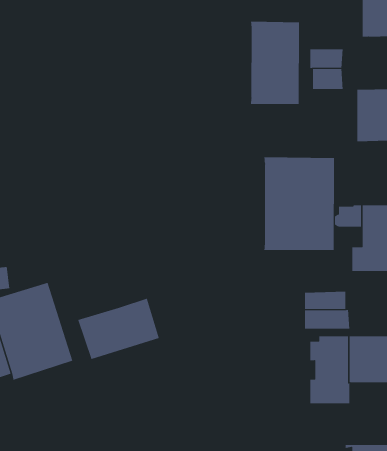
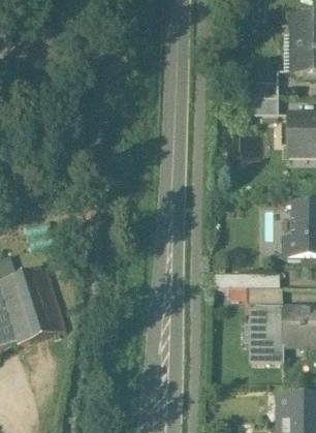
building: [250,21,300,105] -> none
building: [264,157,335,251] -> none
building: [78,298,159,360] -> none

